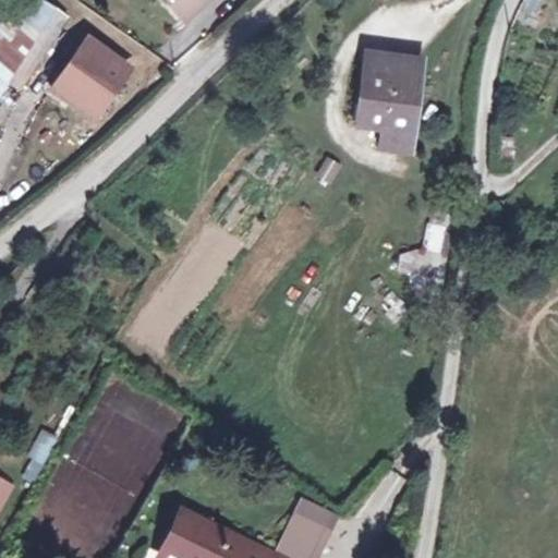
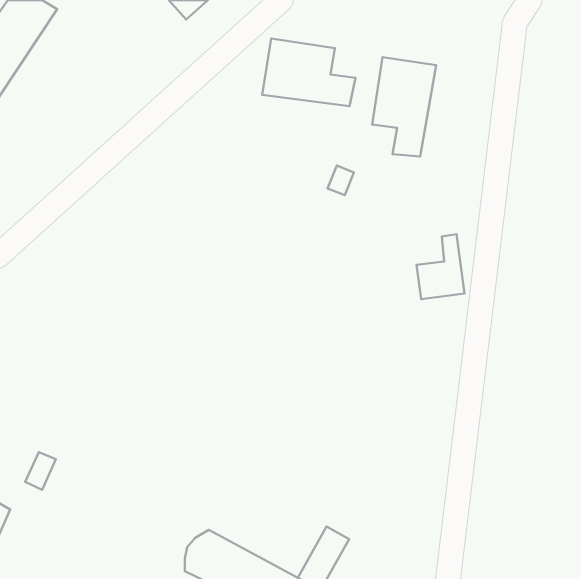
building: [53,40,121,110] -> none
building: none -> [262,38,356,106]

